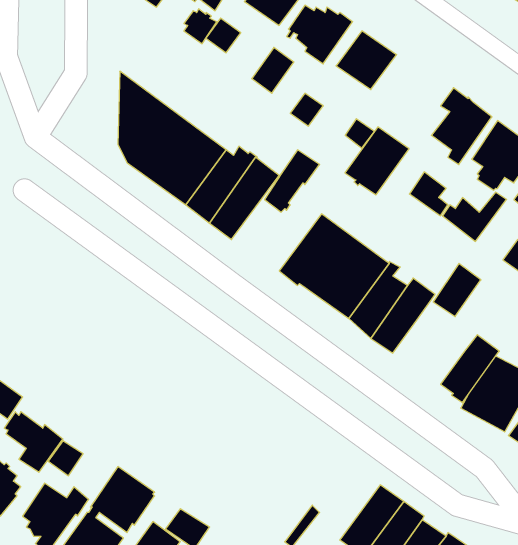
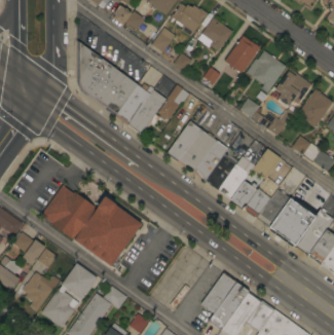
building: [345,127,409,195] -> [225,36,261,74]
building: none -> [231,181,271,218]
building: none -> [41,186,142,267]

